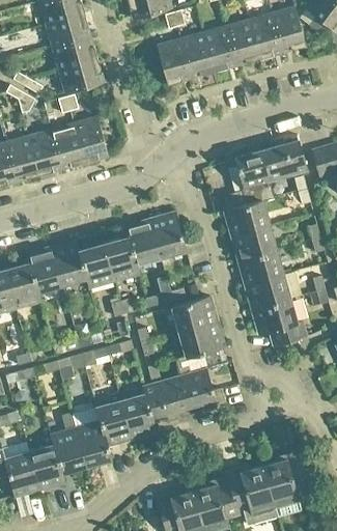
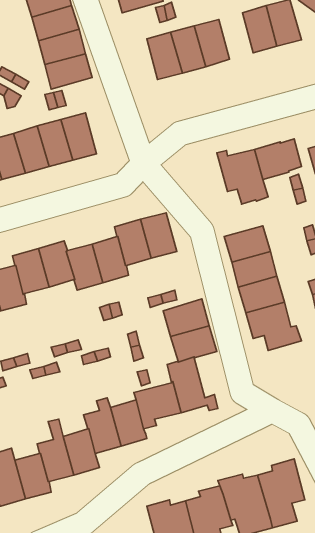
building: [226,20,259,64] -> none
building: [224,200,269,235] -> none

